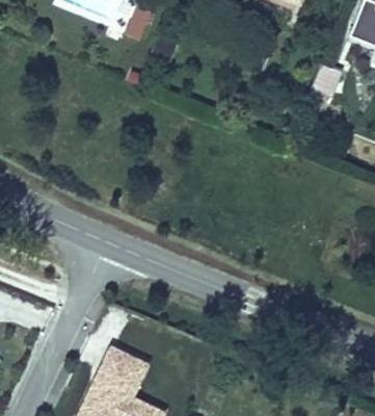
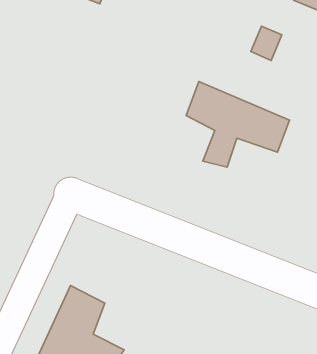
building: none -> [186,82,290,167]

